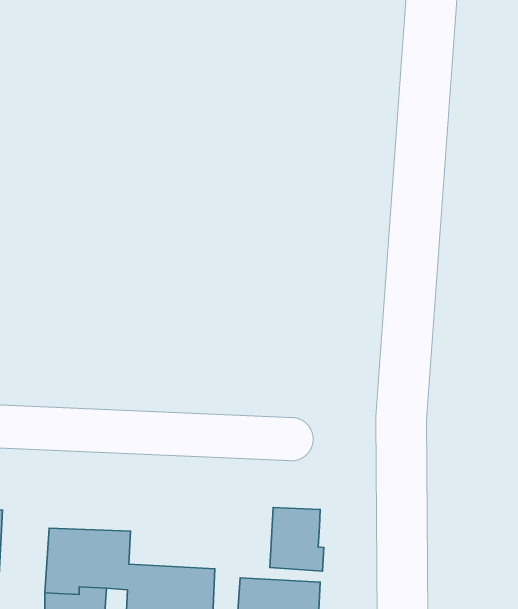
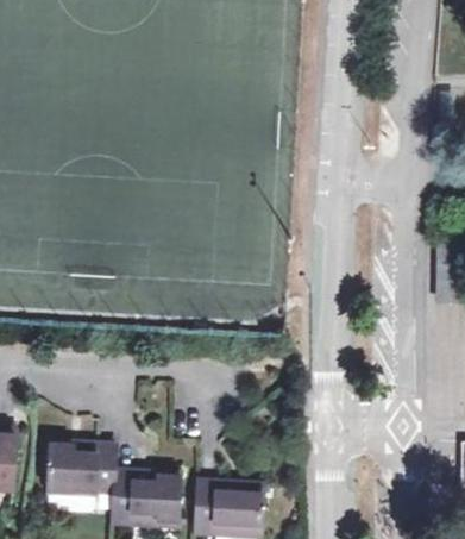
building: [270,508,324,571] -> none

